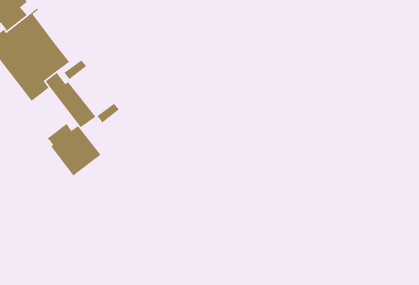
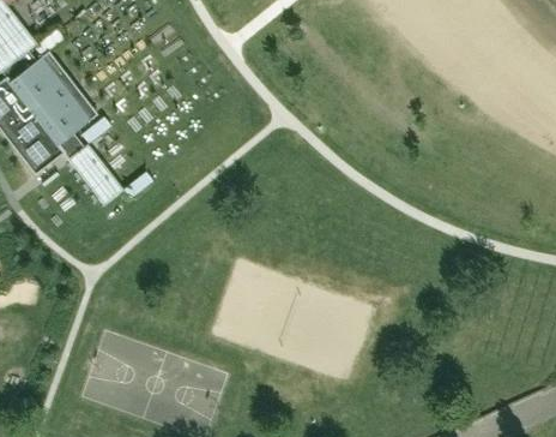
building: [46,123,101,177] -> none

